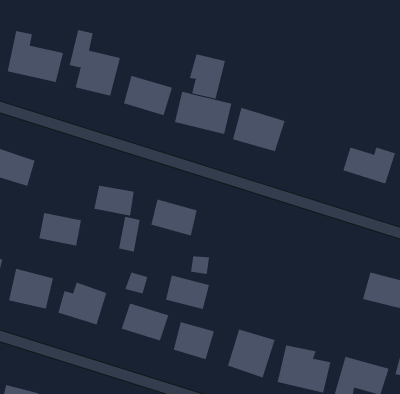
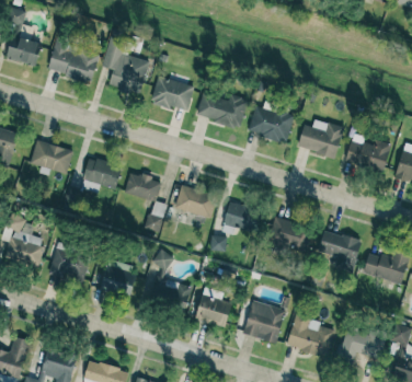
building: [189,53,225,100] -> none
building: none -> [298,119,344,158]
building: [38,213,82,246] -> [83,158,122,187]
building: none -> [267,217,313,256]
building: none -> [318,230,362,273]
building: [165,275,210,310] -> [224,202,263,233]

